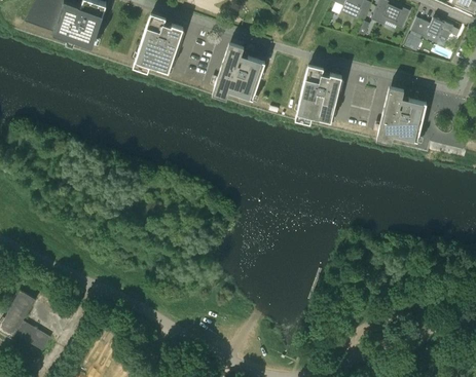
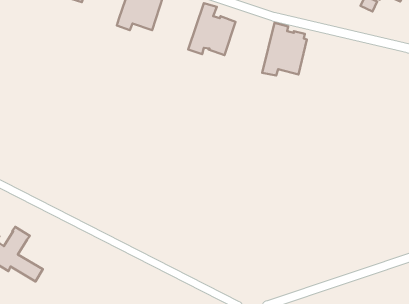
building: [378,85,427,142] -> none

